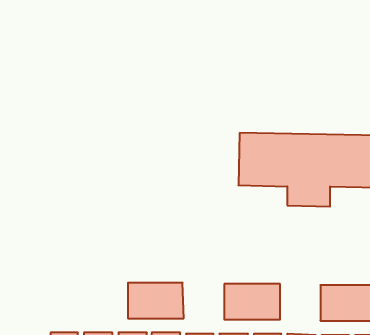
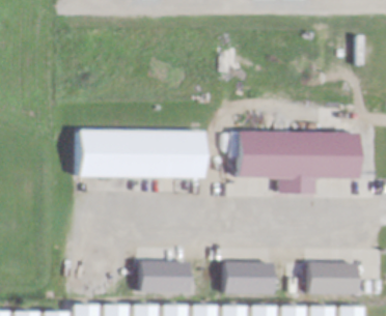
building: none -> [78,127,204,175]

